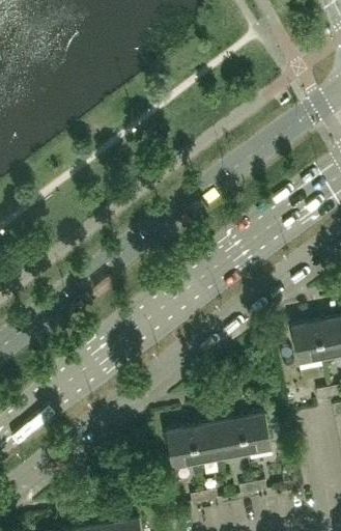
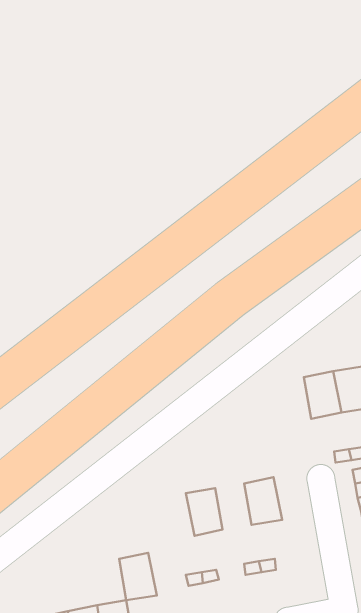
building: [215,419,246,458] -> none
building: [165,427,197,468] -> [119,553,157,600]

